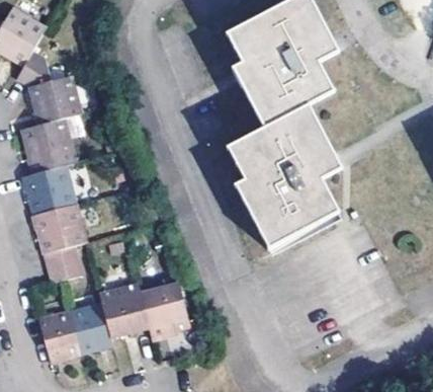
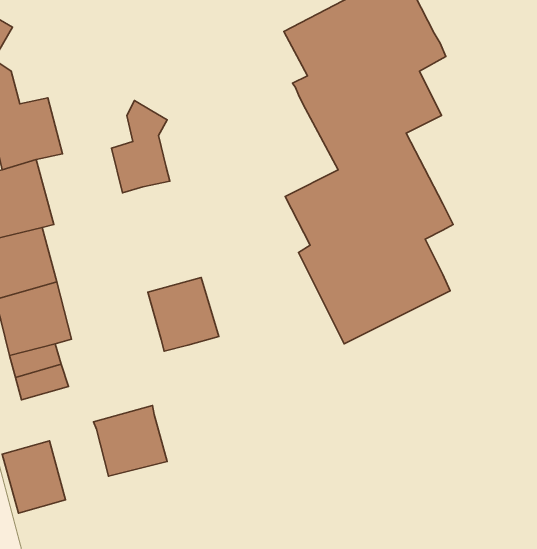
building: none -> [112,101,170,193]
building: [141,284,189,334] -> [148,278,219,351]
building: [69,304,111,352] -> none

